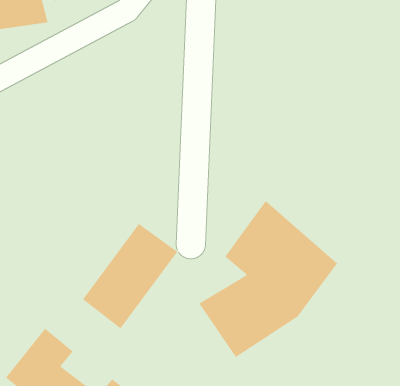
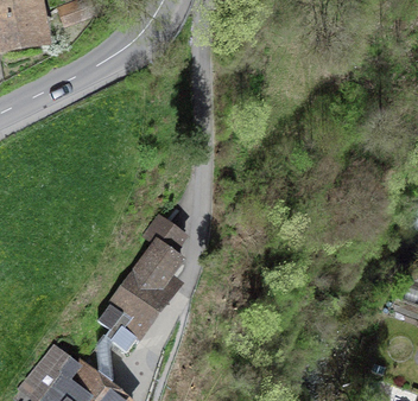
building: [199,200,338,358] -> none

